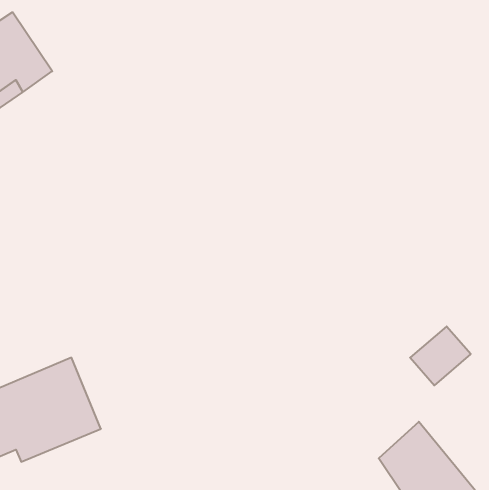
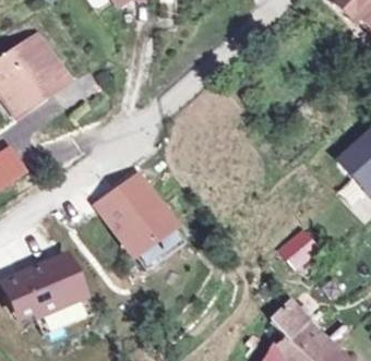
building: none -> [100,177,177,254]

